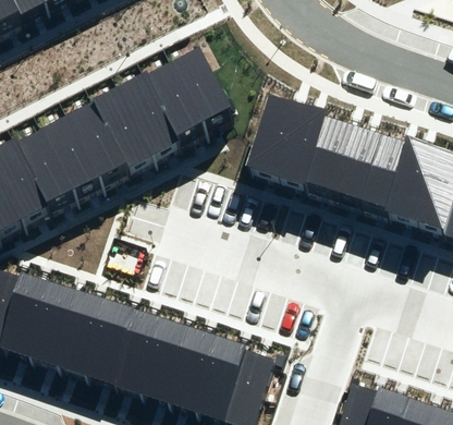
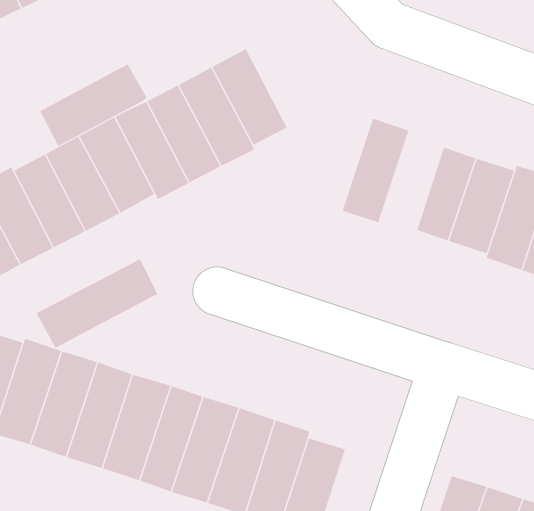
building: none -> [39,64,147,147]
building: [245,93,297,174] -> none
building: [304,117,353,190] -> none
building: none -> [36,259,158,348]

